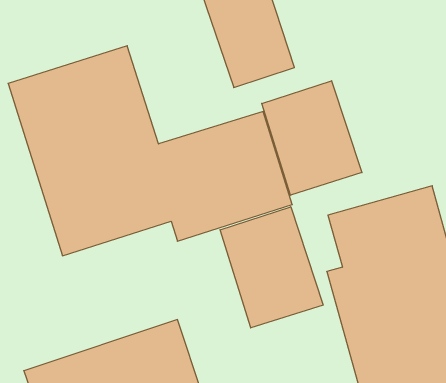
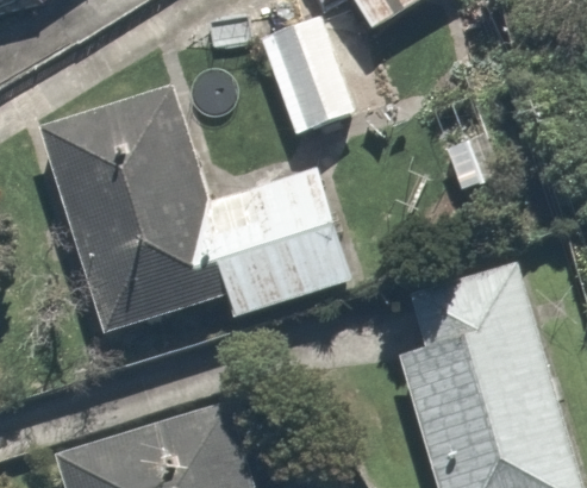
building: [262,81,362,195] -> none
building: [220,207,323,328] -> none

